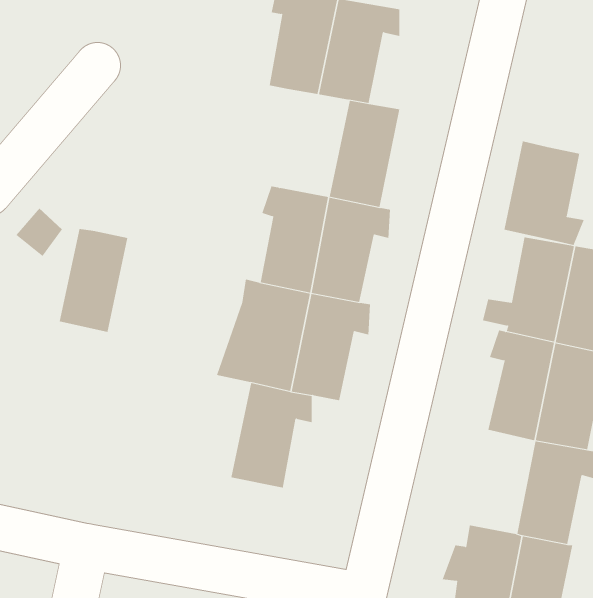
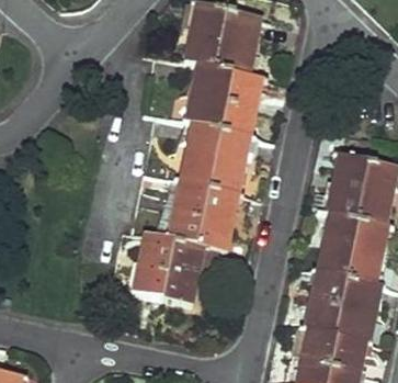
building: none -> [193,64,235,128]
building: [504,141,584,246] -> none
building: [59,229,128,333] -> [134,235,175,297]
building: none -> [305,269,346,331]

